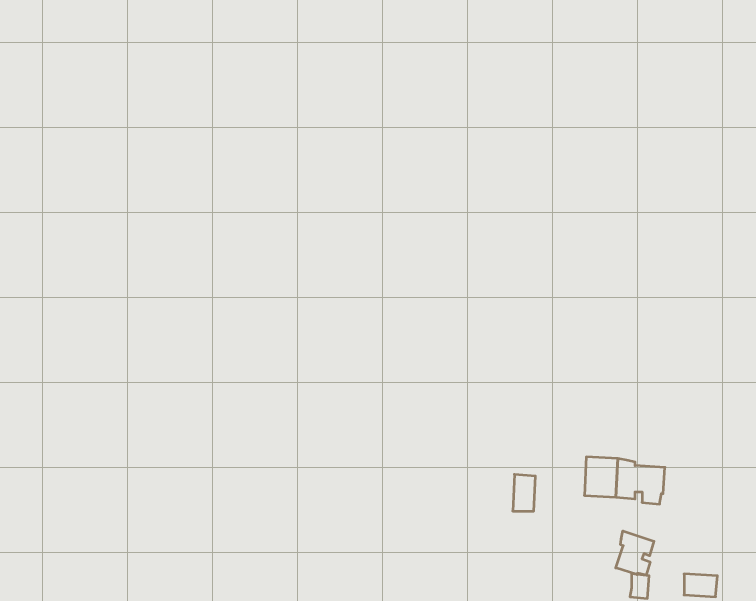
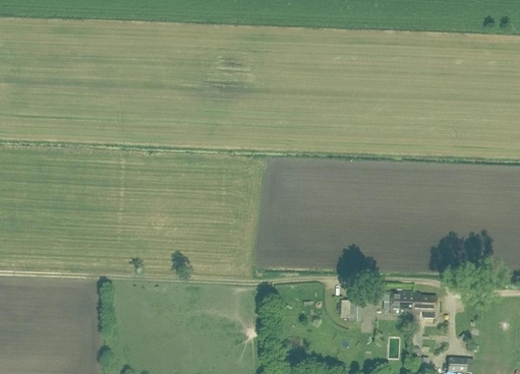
building: [616,531,654,575] -> none

